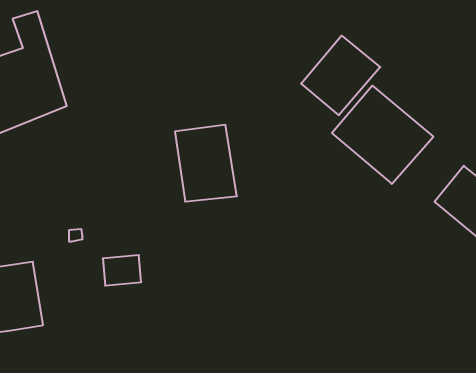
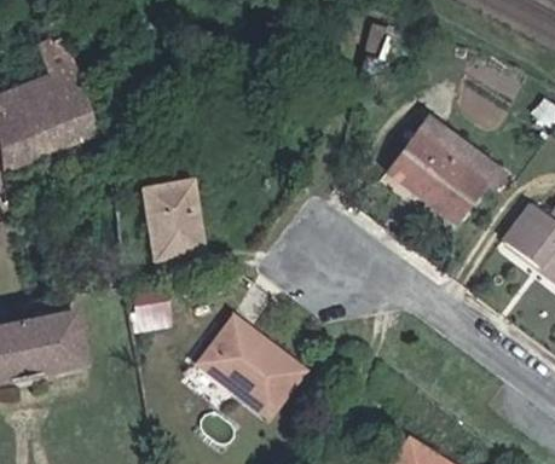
building: [301,36,380,115] -> none
building: [175,125,237,202] -> [148,181,214,263]
building: none -> [209,324,300,412]

